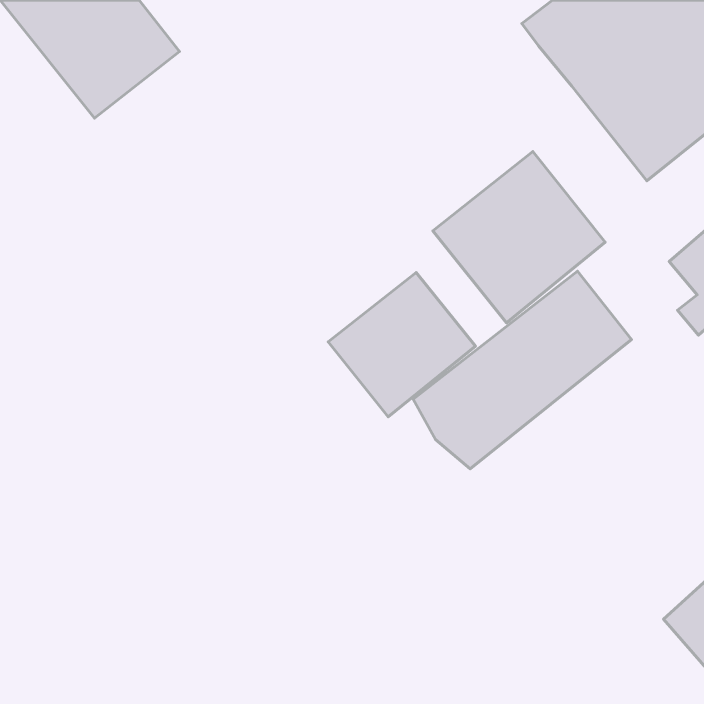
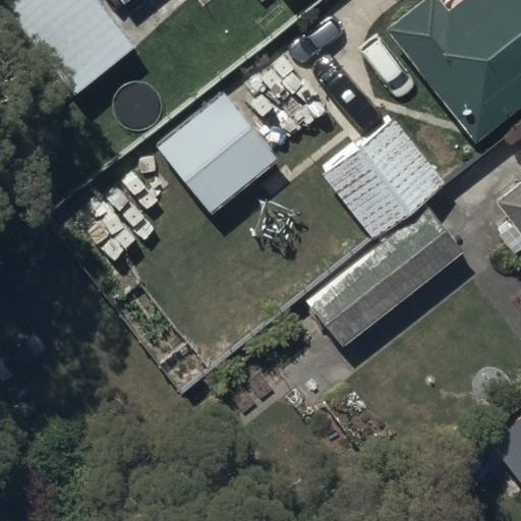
building: none -> [132,93,276,221]
building: [328,272,475,417] -> none

